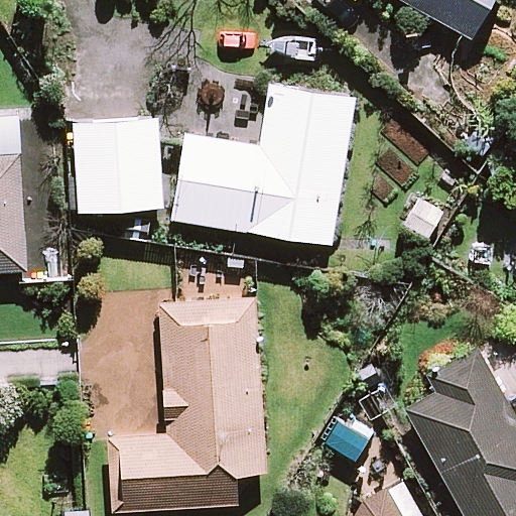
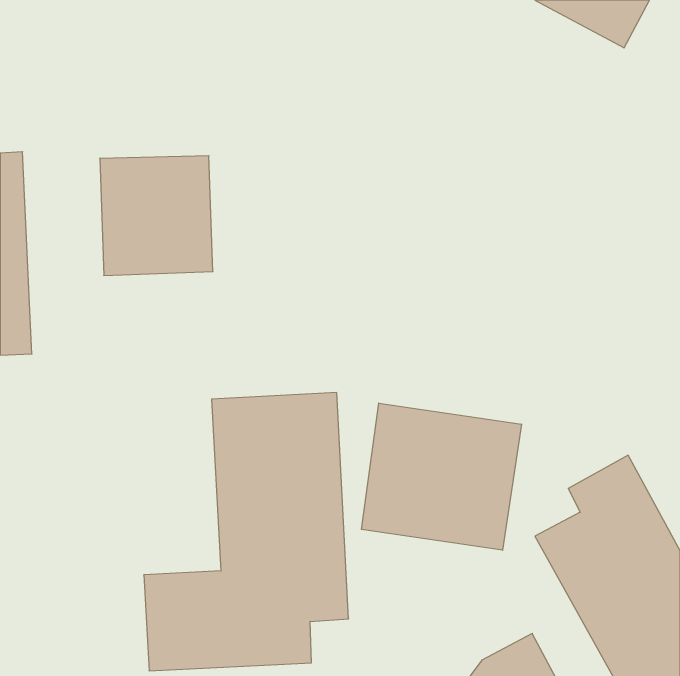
building: [172,88,353,244] -> none
building: none -> [361,403,521,550]

